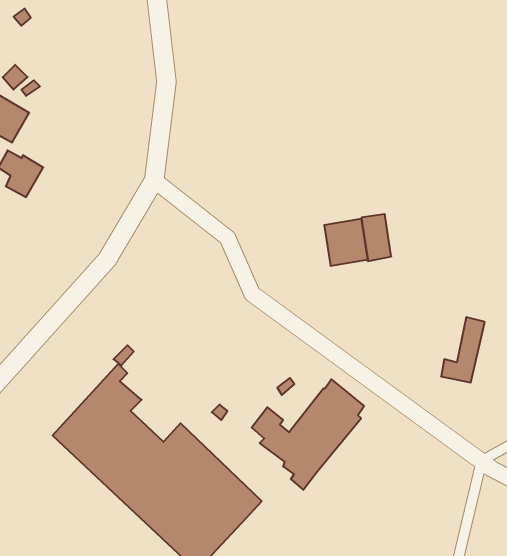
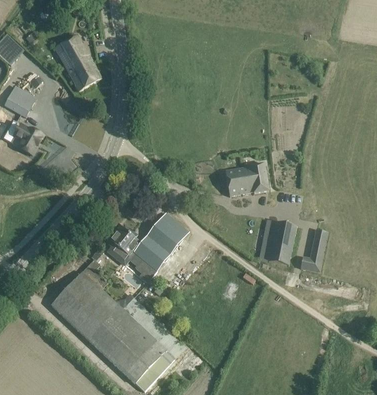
building: none -> [53,34,100,90]
building: none -> [258,221,296,264]
building: [252,379,364,490] -> [113,212,185,283]

